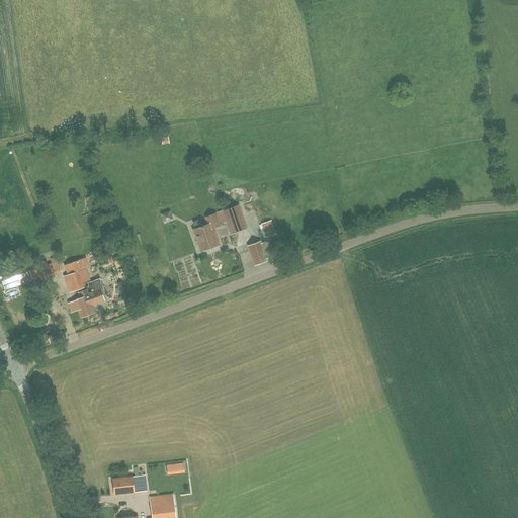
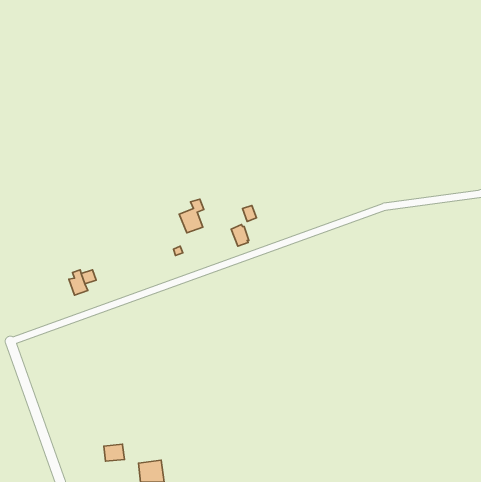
building: [217,205,245,233] -> none
building: [65,257,89,290] -> none

